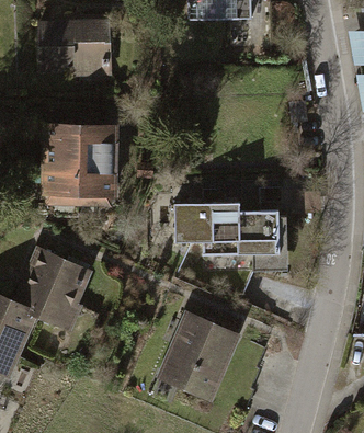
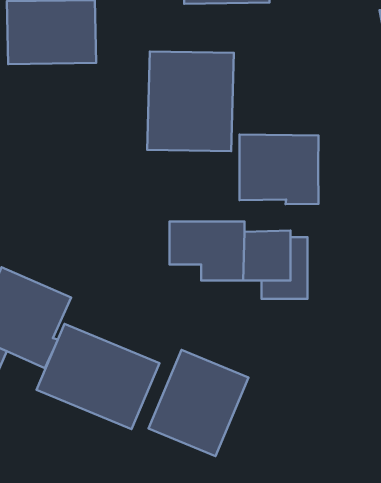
building: [43,124,115,207] -> [147,51,234,151]
building: none -> [239,134,319,204]
building: none -> [37,324,159,429]

